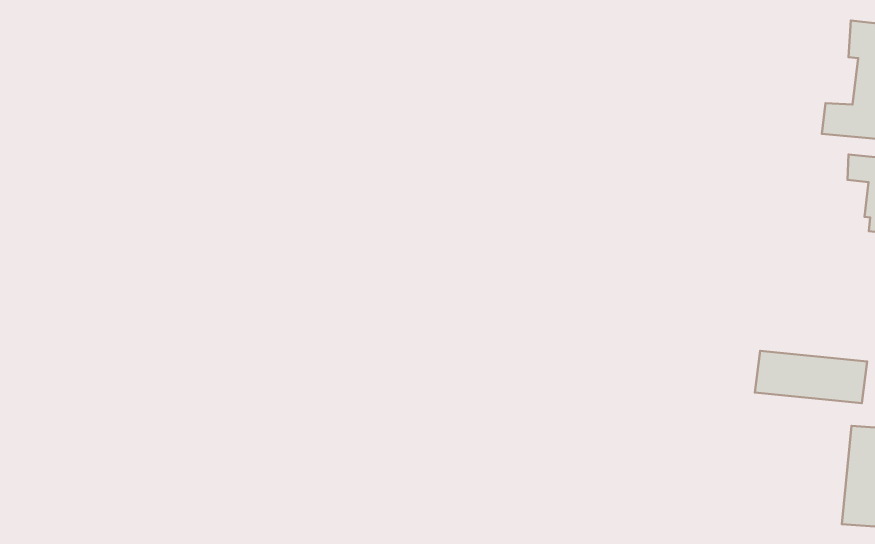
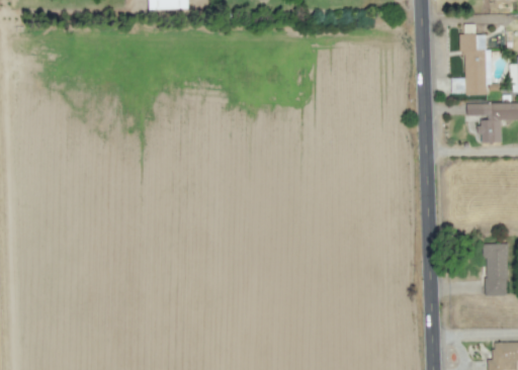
building: [755,351,867,403] -> none

